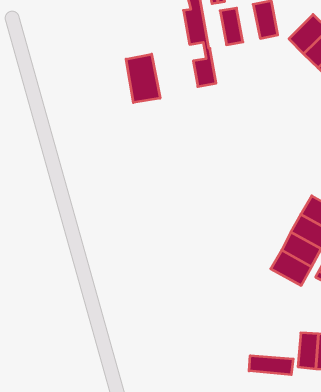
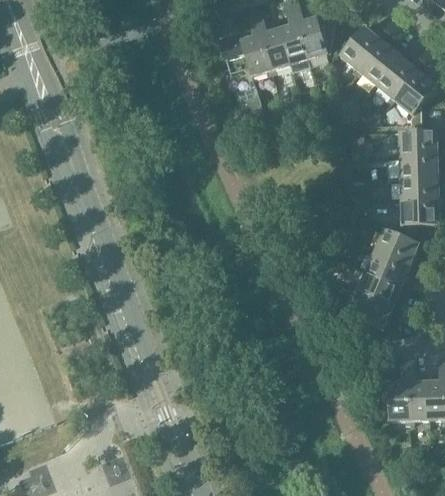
building: none -> [276,20,306,63]
building: none -> [239,31,269,74]
building: [126,54,160,103] -> none
building: [249,356,293,375] -> none

